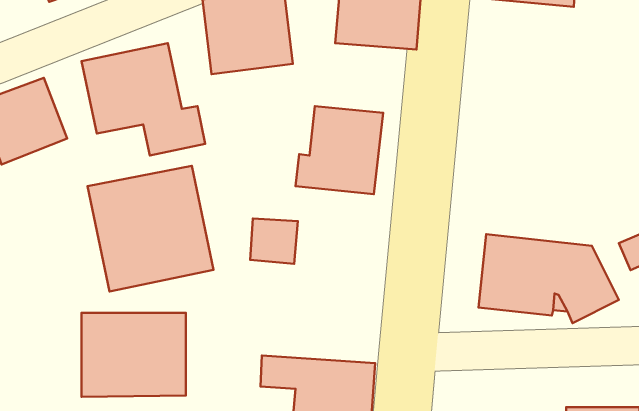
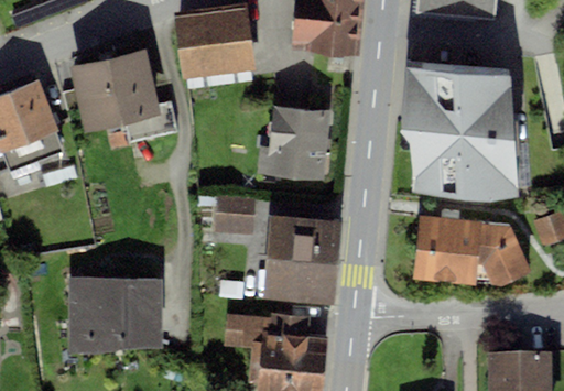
building: none -> [399,59,517,199]
building: [88,166,214,292] -> none
building: none -> [264,214,340,297]

